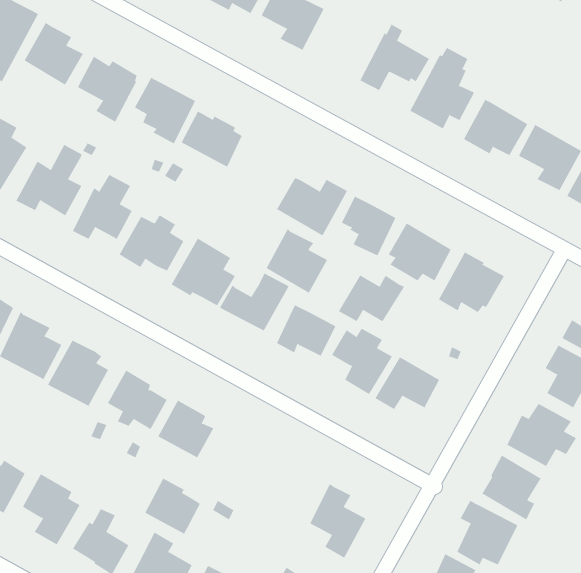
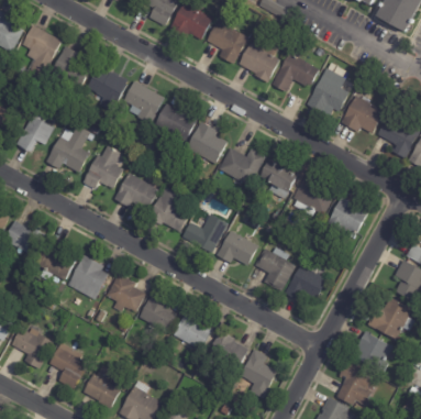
building: none -> [239,37,278,82]
building: [266,228,328,293] -> [186,121,226,164]
building: [338,275,405,322] -> none
building: none -> [207,330,246,371]
building: [144,478,201,535] -> [174,312,211,350]

